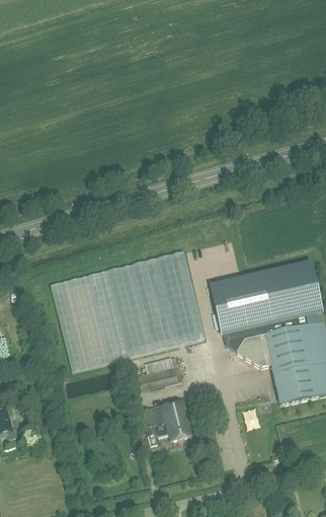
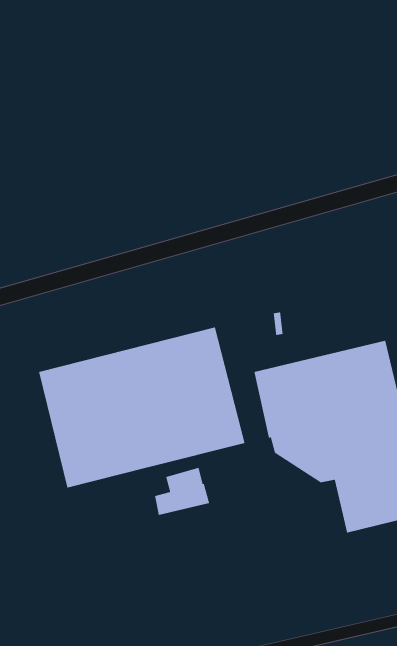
building: [142,399,191,440] -> none

